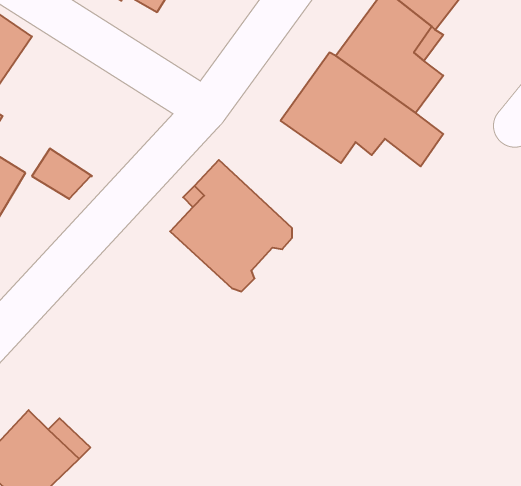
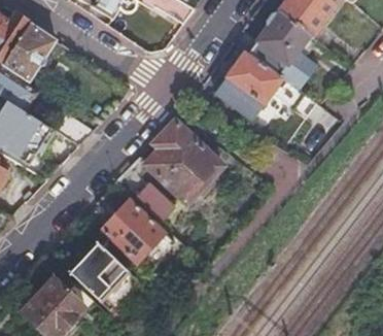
building: none -> [132,179,174,221]
building: none -> [101,199,174,271]
building: none -> [67,240,128,301]

